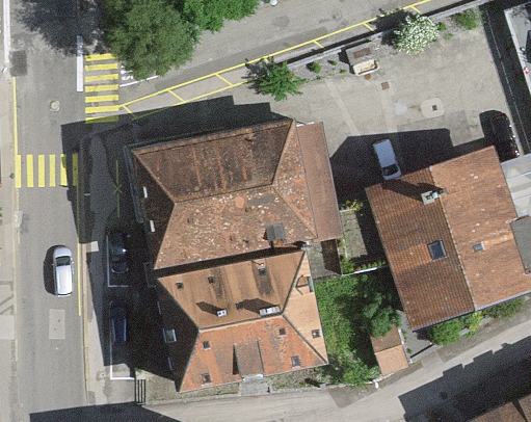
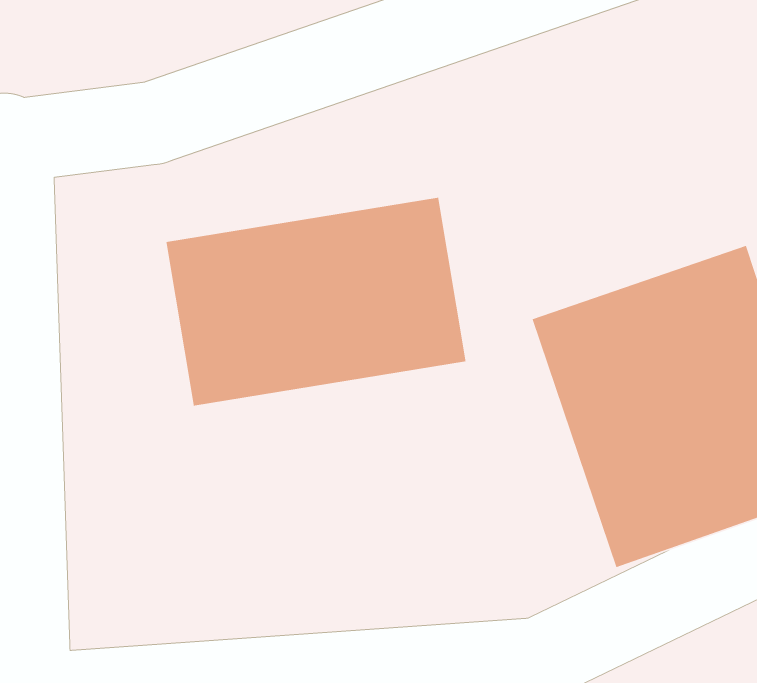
building: [165,253,322,371] -> none

